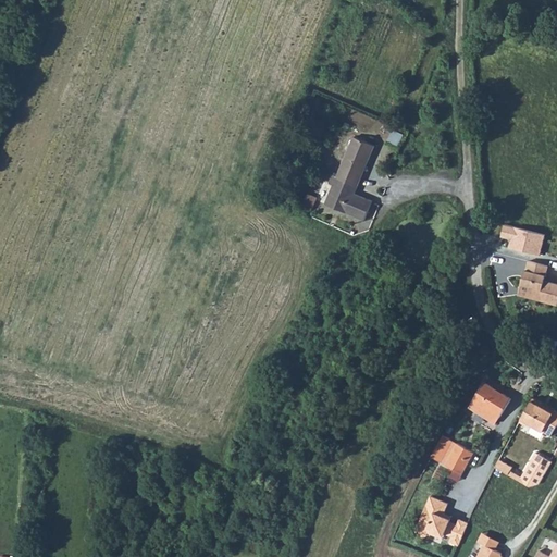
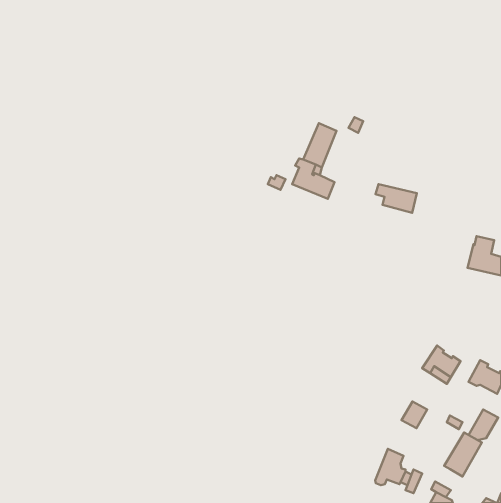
building: [499,225,545,257] -> [376,184,417,213]
building: none -> [444,433,482,477]

